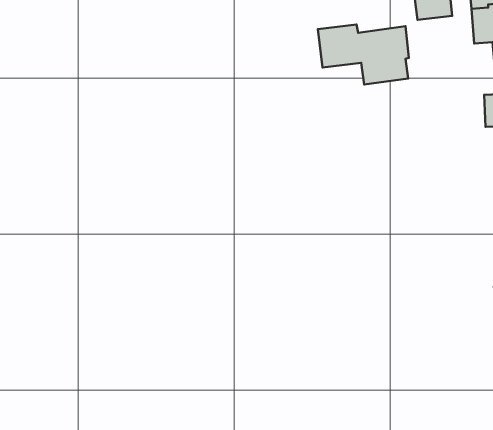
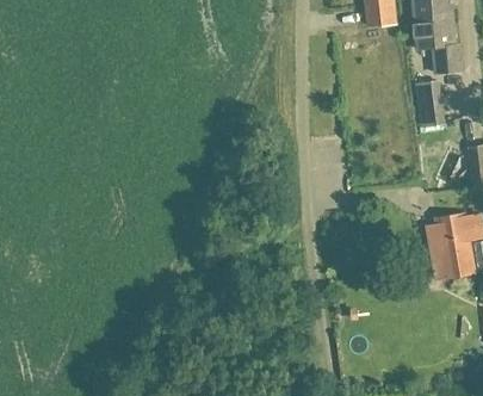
building: [318,25,409,84] -> none

